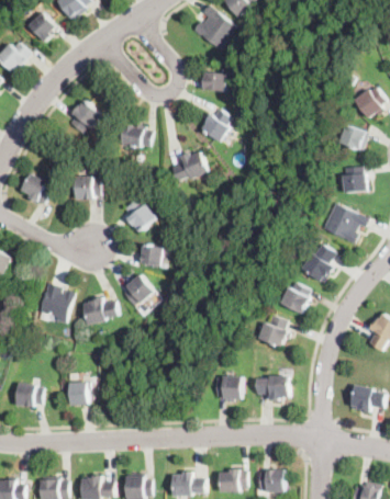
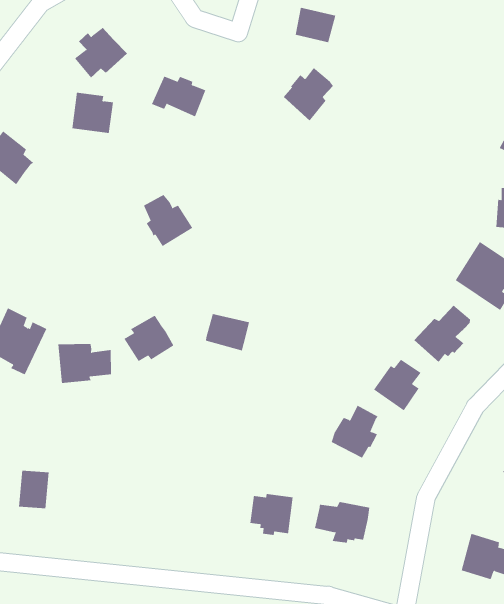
building: [170,151,208,181] -> none
building: [75,175,99,199] -> [71,92,114,134]
building: [136,245,163,265] -> [205,314,250,351]

